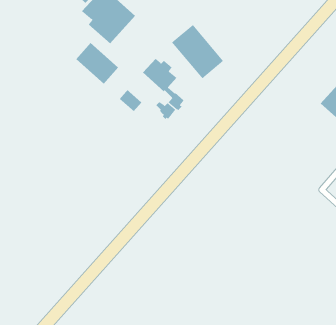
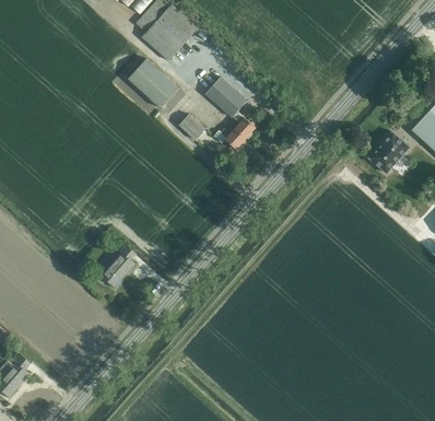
building: [171,24,224,79] -> none
building: none -> [368,131,409,173]
building: none -> [102,244,136,286]

